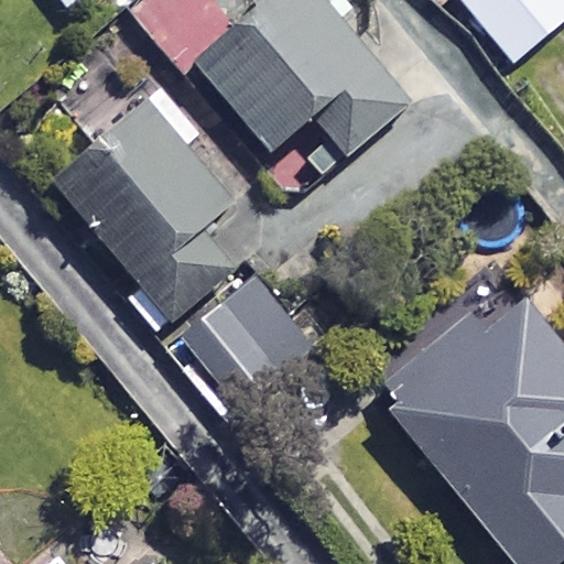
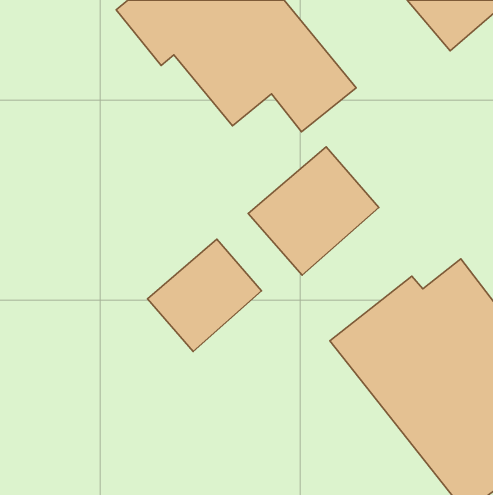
building: [53,96,237,318] -> none
building: none -> [248,147,379,275]

